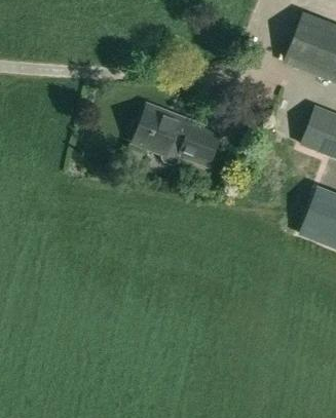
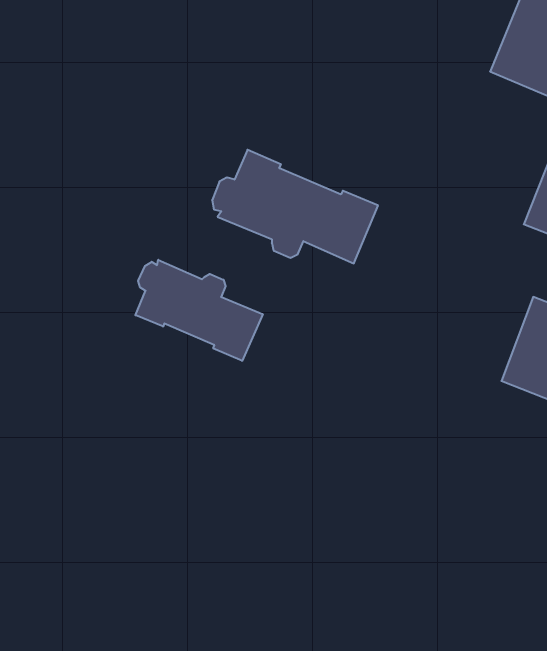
building: none -> [135,260,263,361]

